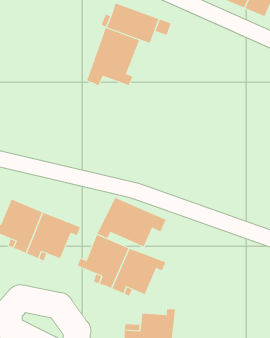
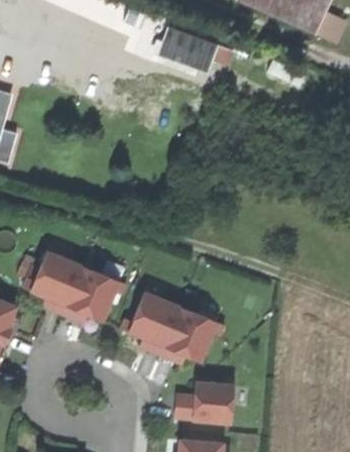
building: [86,27,140,86] -> none
building: [97,197,166,247] -> none

